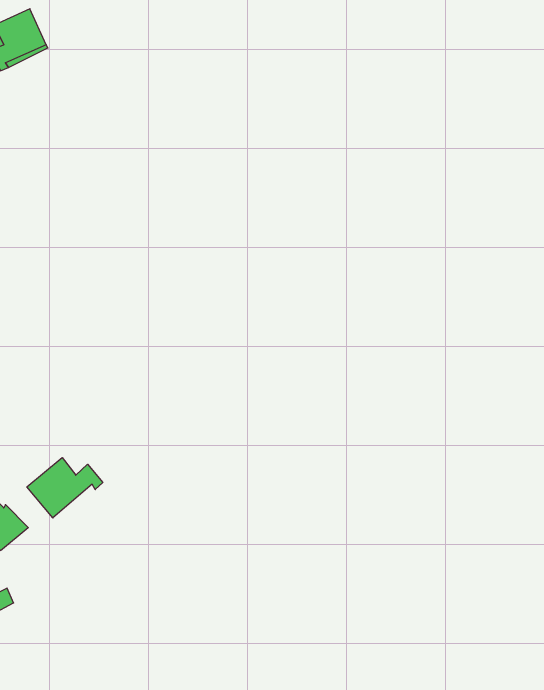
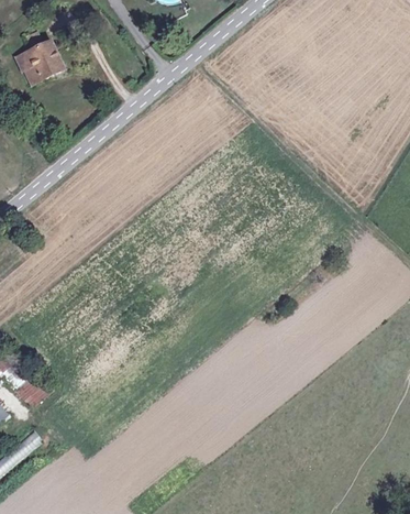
building: [27,458,103,518] -> none

